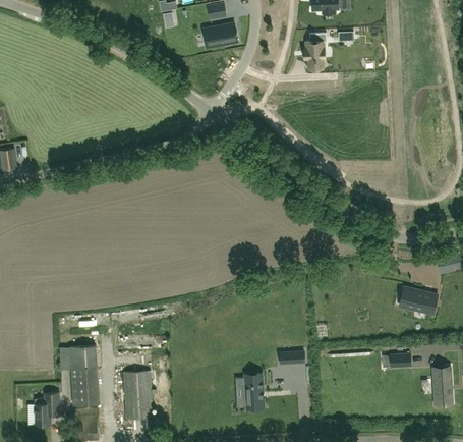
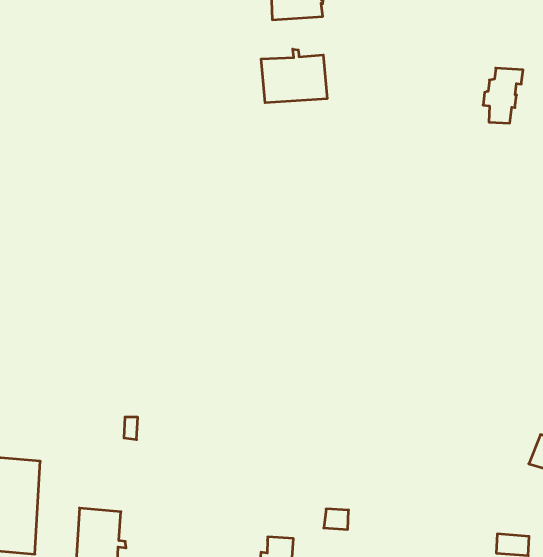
building: [303,33,326,68] -> [483,68,523,123]
building: none -> [261,49,327,103]

